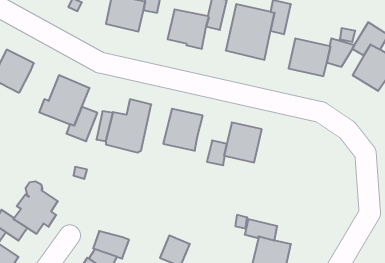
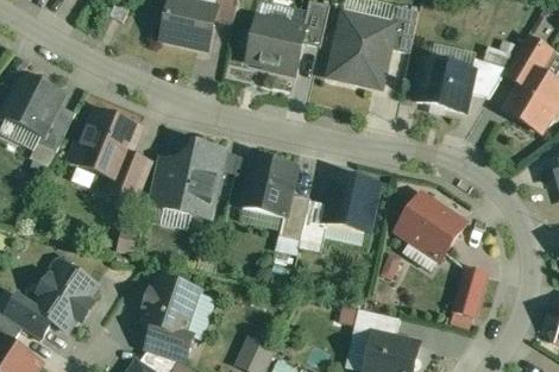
building: none -> [36,103,74,151]
building: none -> [278,194,308,239]
building: none -> [396,195,463,269]
building: none -> [453,269,484,315]
building: none -> [143,277,197,334]

